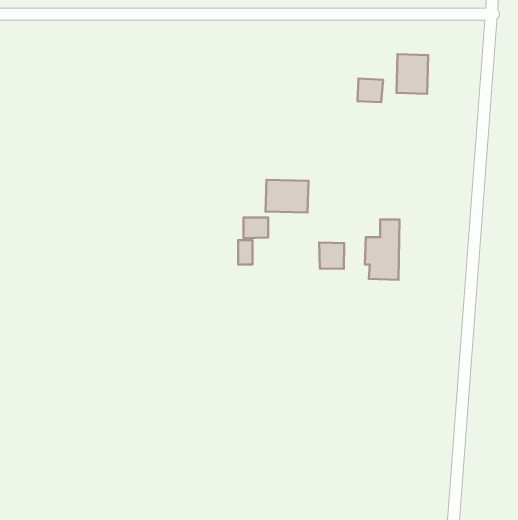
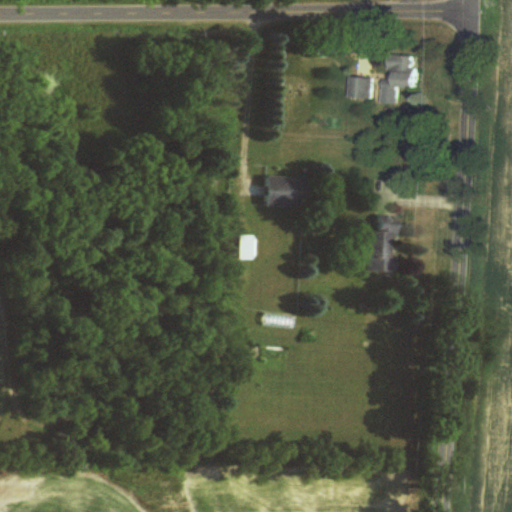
building: [243,217,268,238] -> none
building: [319,243,344,269] -> none

